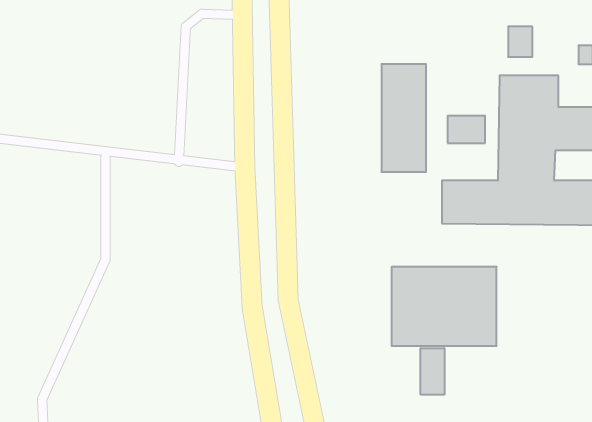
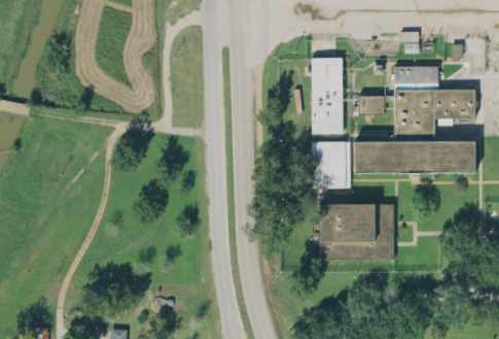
building: none -> [312,141,350,189]
building: [421,348,444,395] -> none

